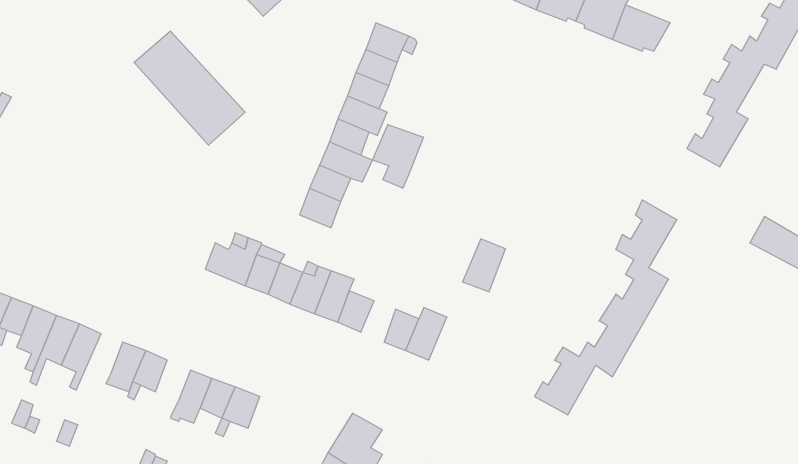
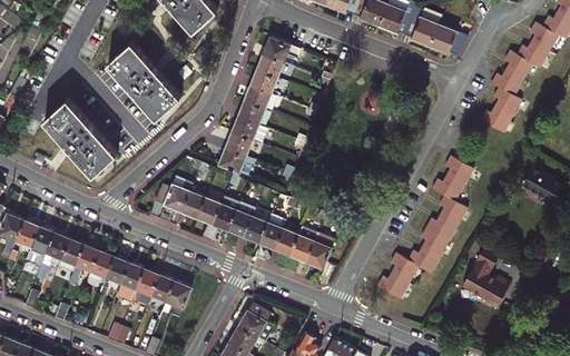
building: none -> [43,98,118,175]
building: [372,124,423,188] -> none
building: [463,239,506,292] -> [305,234,334,269]
building: none -> [259,214,286,250]
building: none -> [66,245,99,291]
building: none -> [462,245,508,307]
building: none -> [117,263,145,300]

